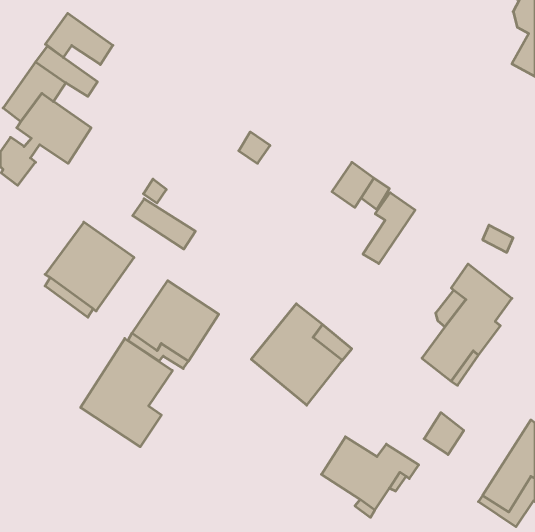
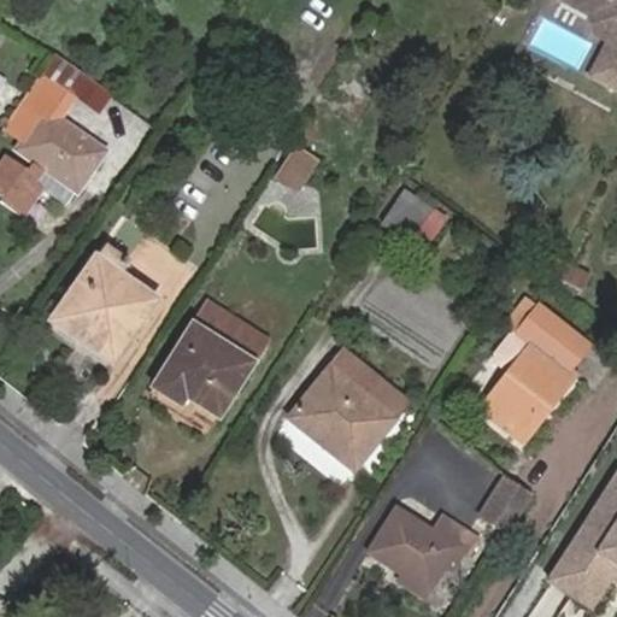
building: [45,13,113,65] -> none
building: [363,193,415,264] -> none
building: [133,199,195,249] -> [193,304,265,362]
building: [81,338,172,447] -> none

